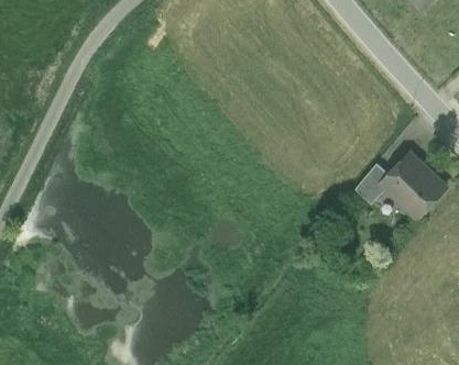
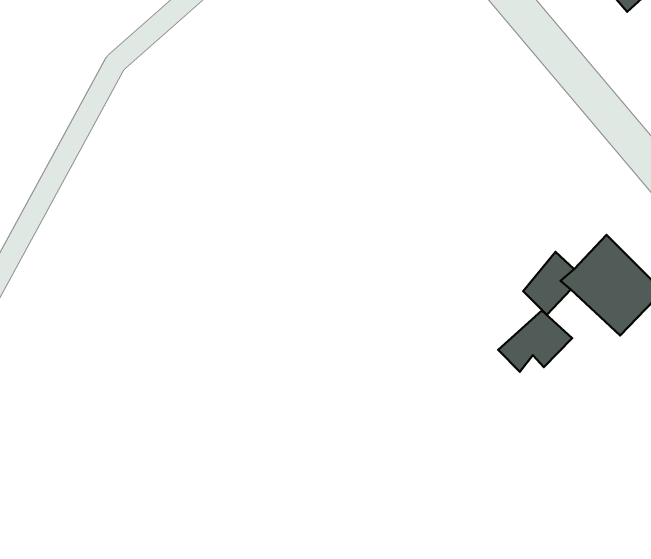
building: none -> [498,310,572,372]

